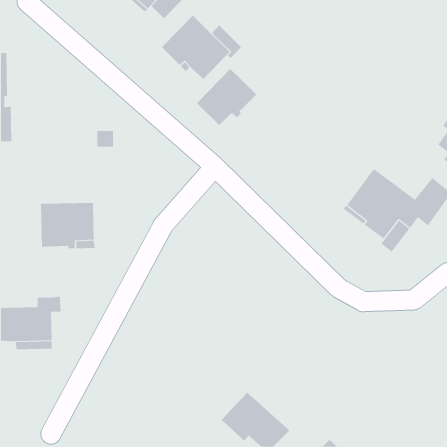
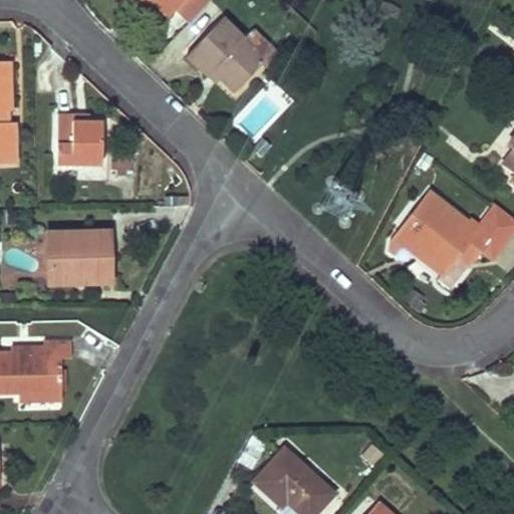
building: [196,68,257,126] -> none
building: none -> [56,112,102,165]

